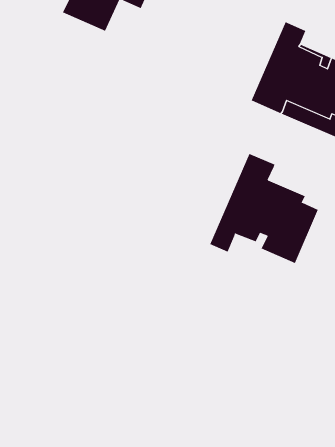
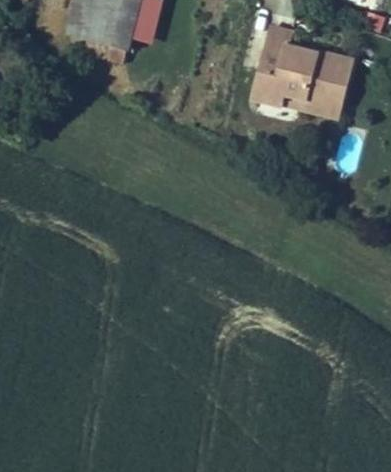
building: [210,153,318,264] -> none

